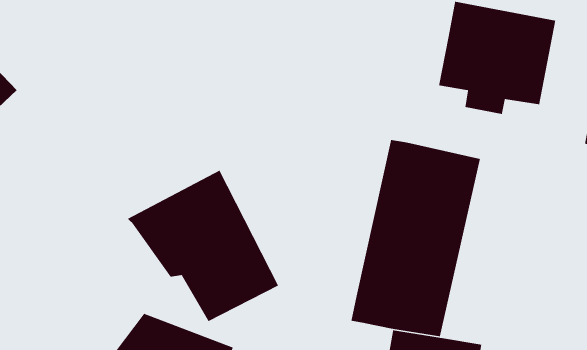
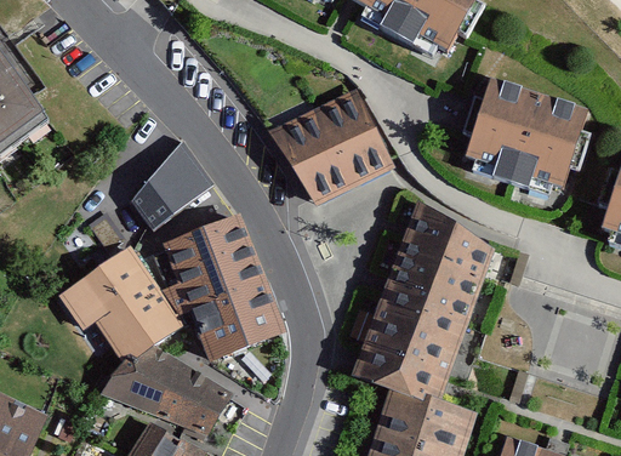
building: none -> [273,90,391,209]
building: none -> [129,139,215,234]
building: none -> [70,245,178,359]

